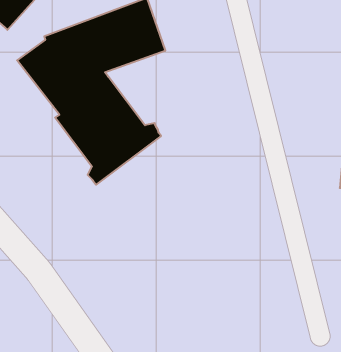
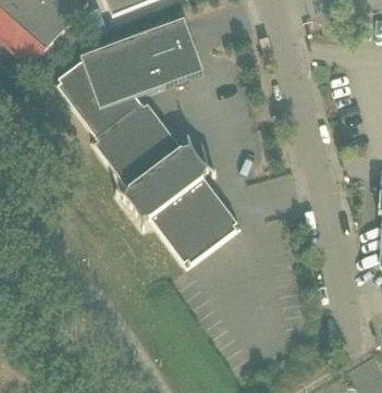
building: none -> [132,157,239,265]

